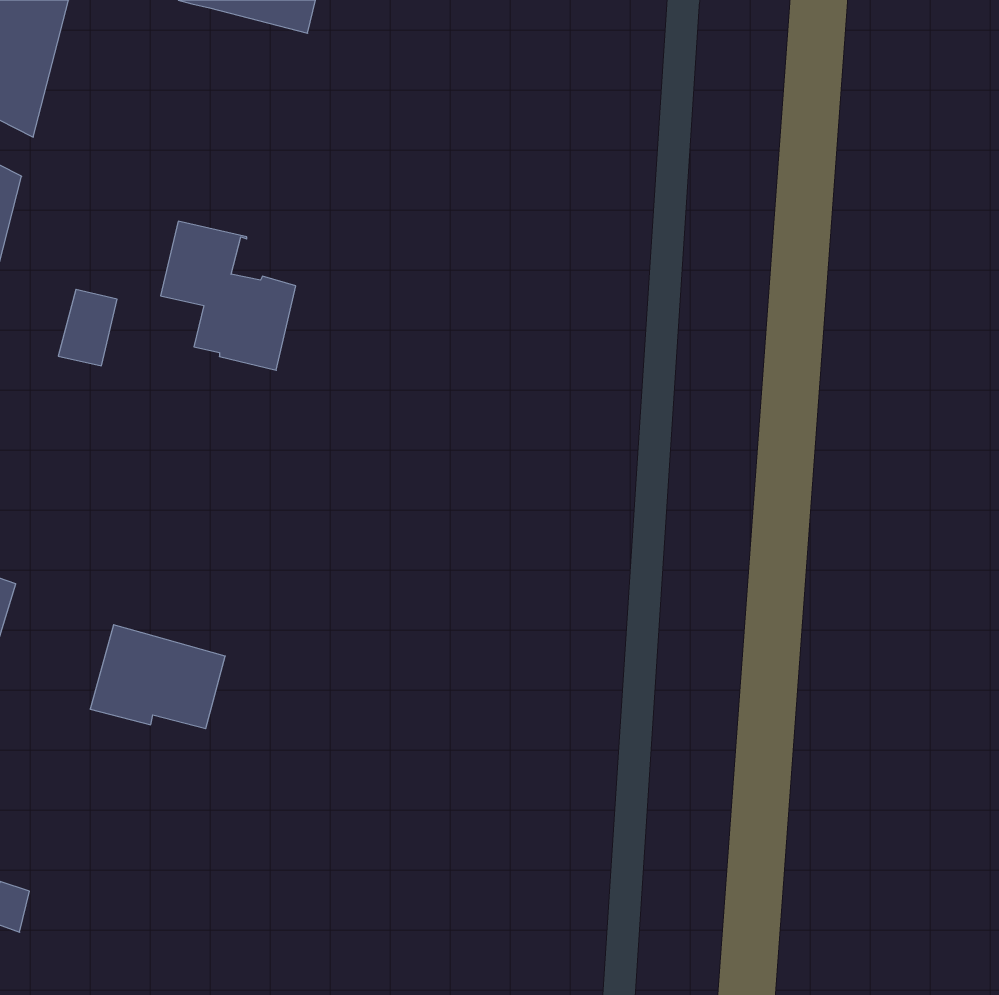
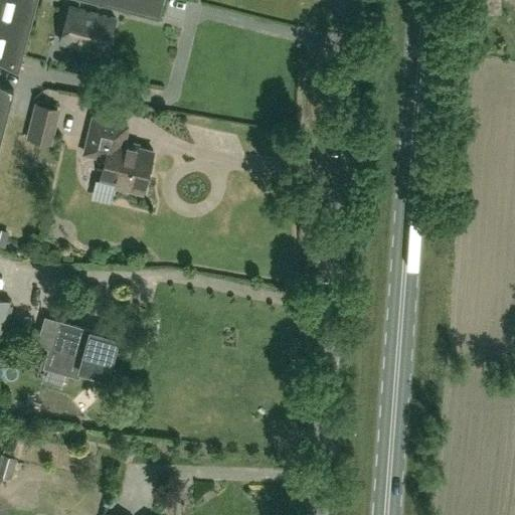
building: none -> [58,8,115,55]
building: [58,289,117,366] -> [26,103,56,142]

